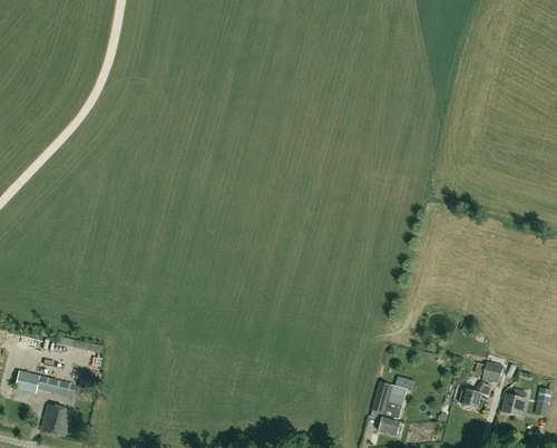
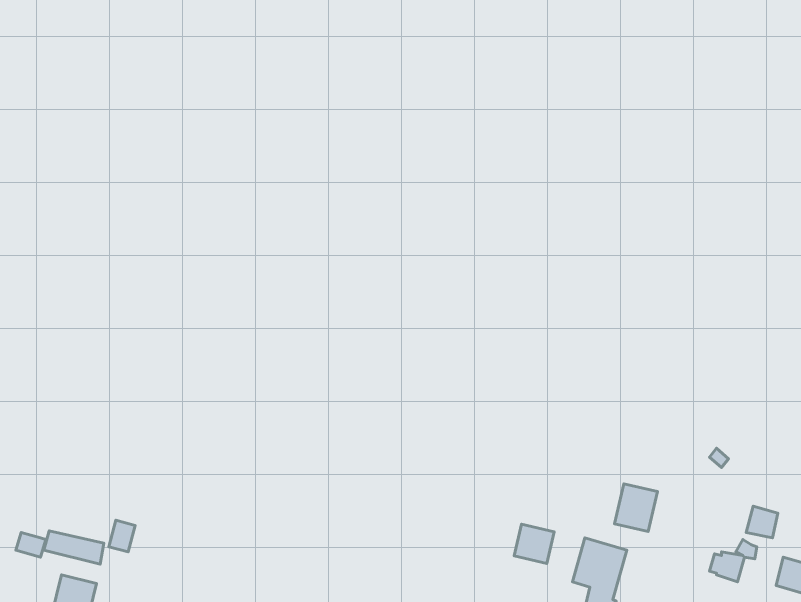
building: none -> [614,484,657,532]
building: none -> [514,524,554,564]

